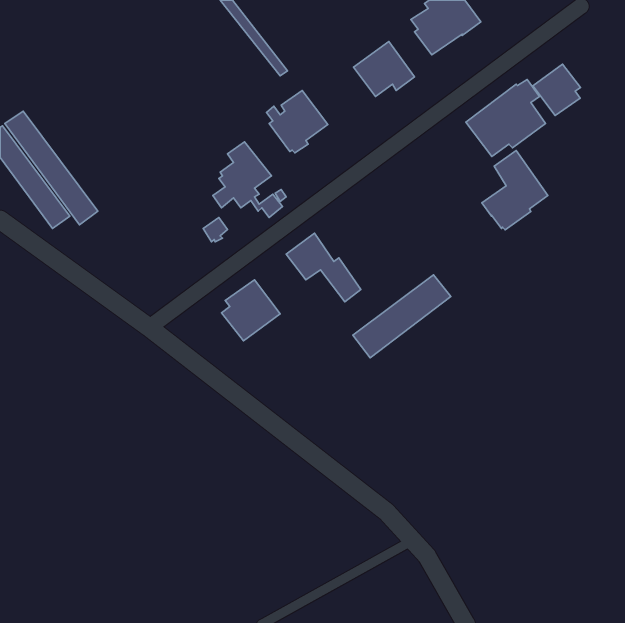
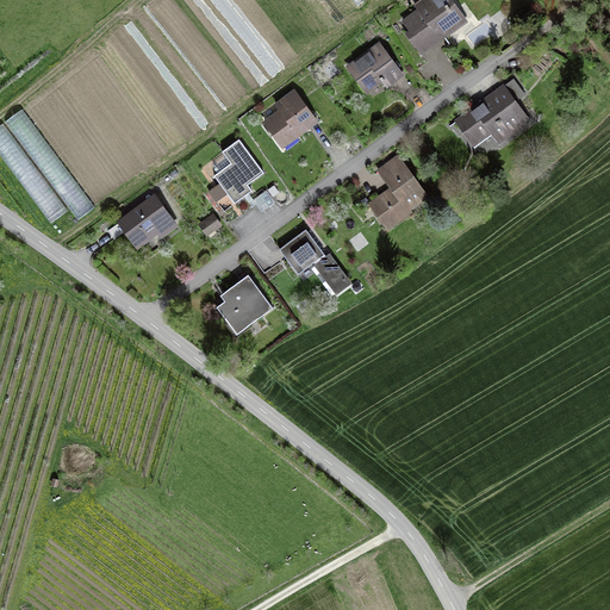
building: [533,64,581,116] -> none
building: [482,150,548,230] -> [365,154,429,231]
building: none -> [108,193,179,249]
building: [353,275,451,358] -> none

